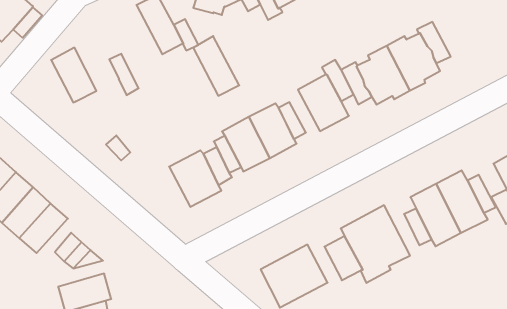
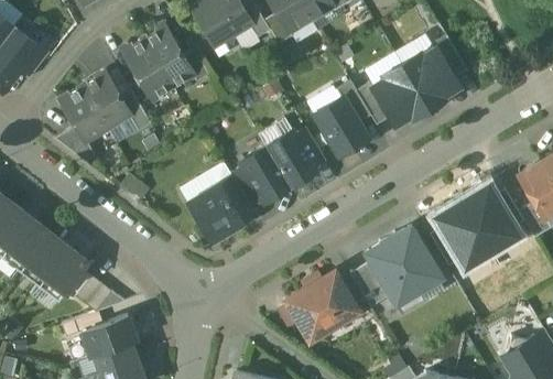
building: none -> [83,72,130,128]
building: [193,36,239,96] -> [123,37,173,98]
building: none -> [55,124,96,161]

